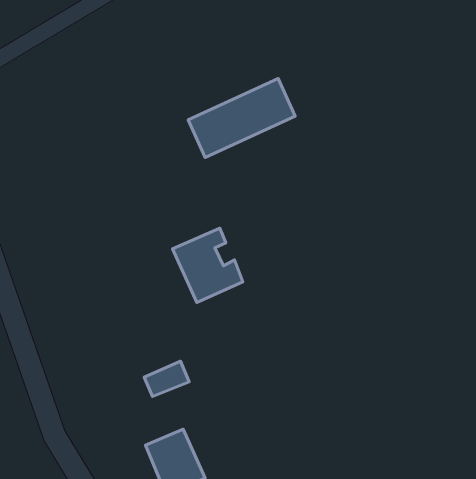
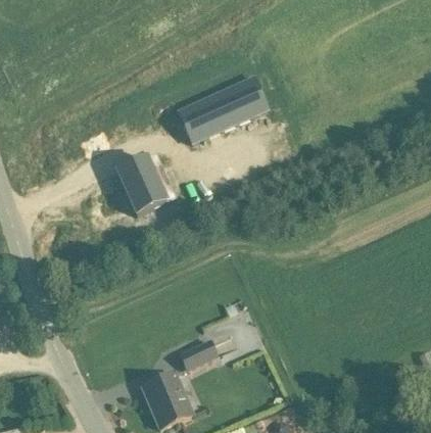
building: [172,228,243,303] -> [114,154,174,216]
building: [144,361,189,397] -> [179,339,217,369]

